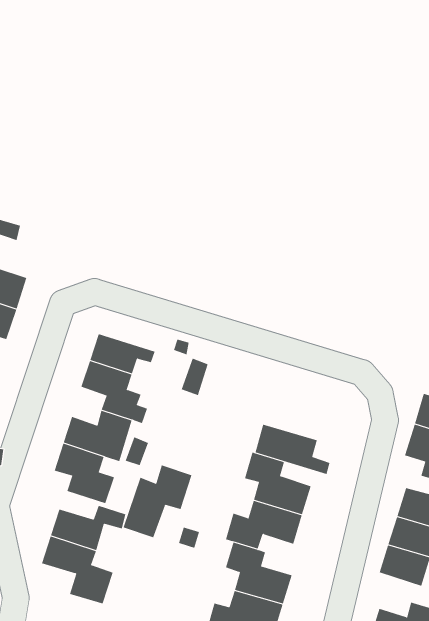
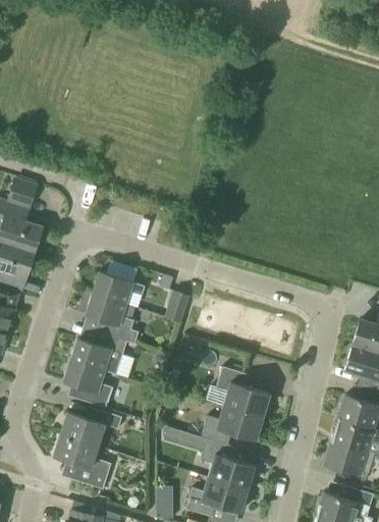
building: [255,424,330,475] -> none
building: [123,465,192,538] -> none

